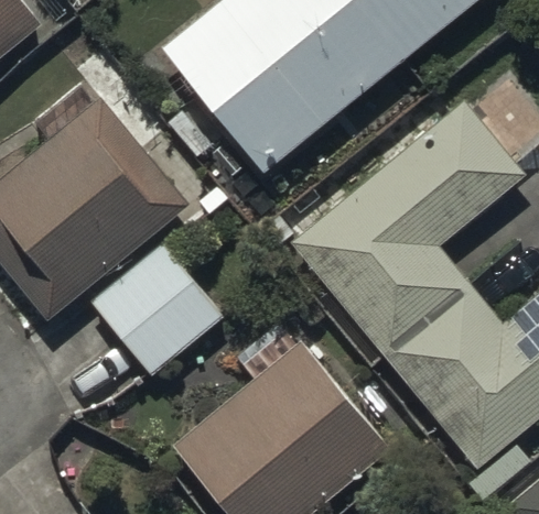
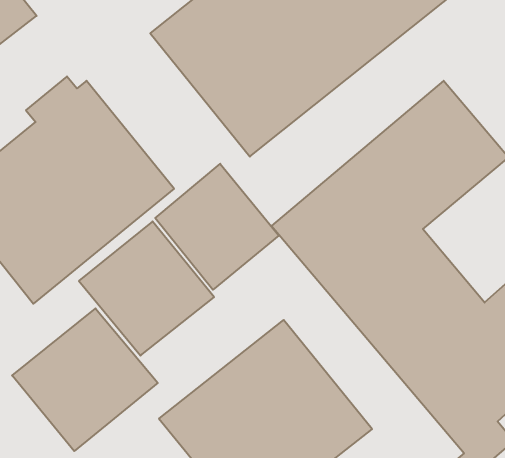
building: none -> [155,164,279,290]
building: none -> [12,308,158,451]

